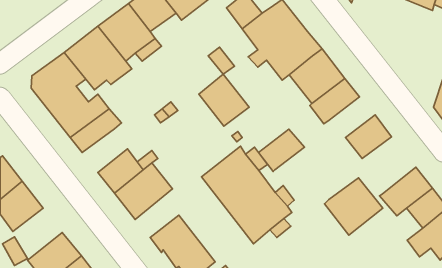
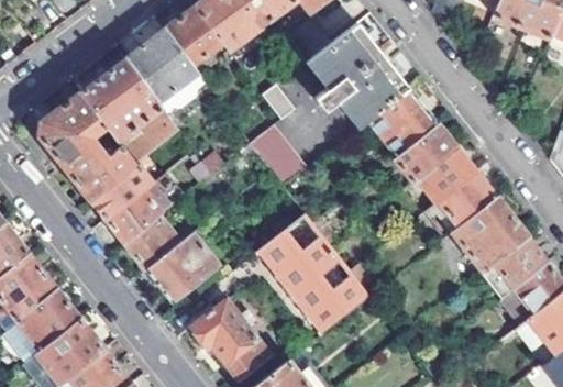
building: none -> [120,112,180,163]
building: none -> [104,188,164,243]
building: [258,129,304,172] -> [417,147,475,201]
building: [325,178,383,235] -> [453,198,527,270]
building: none -> [16,288,79,350]

